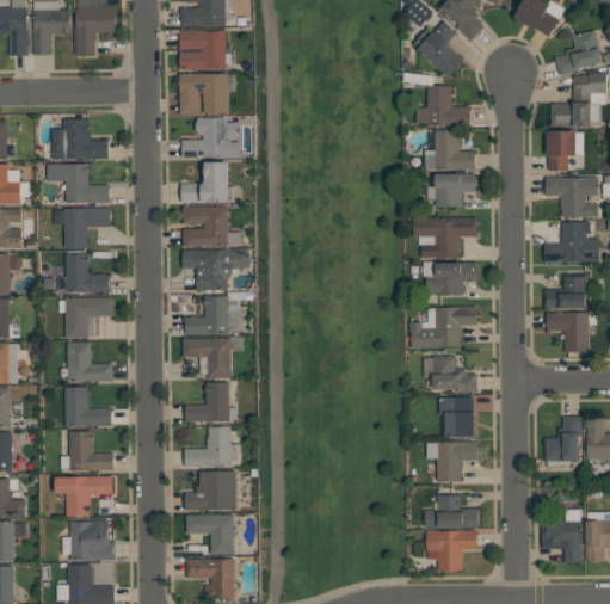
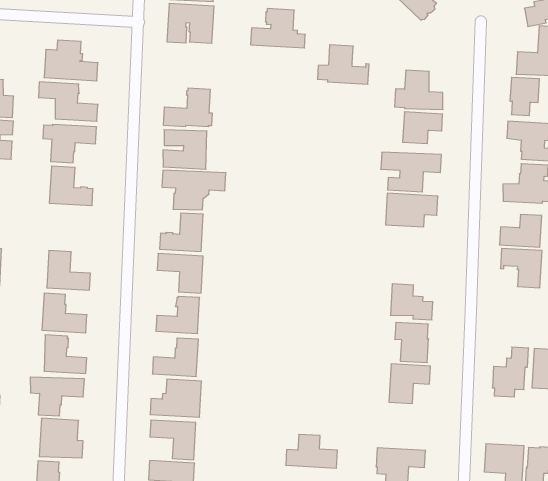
building: [415,86,469,125] -> [317,45,369,84]
building: [181,118,239,158] -> [251,8,305,48]
building: [64,298,112,339] -> none
building: [408,307,476,349] -> none
building: [425,494,479,528] -> [286,434,337,468]

